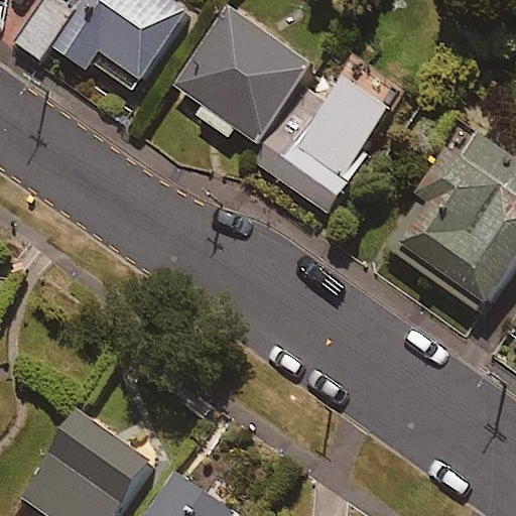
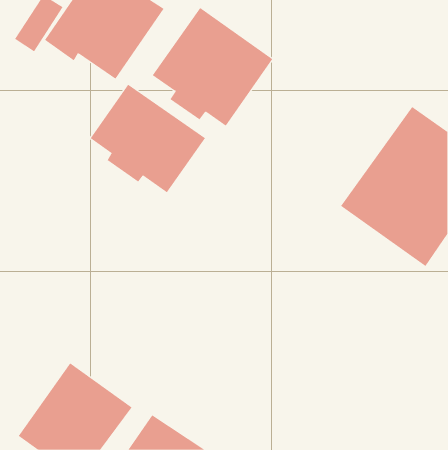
building: [254,55,398,216] -> none
building: none -> [90,84,206,193]

